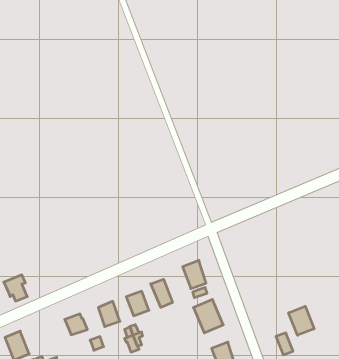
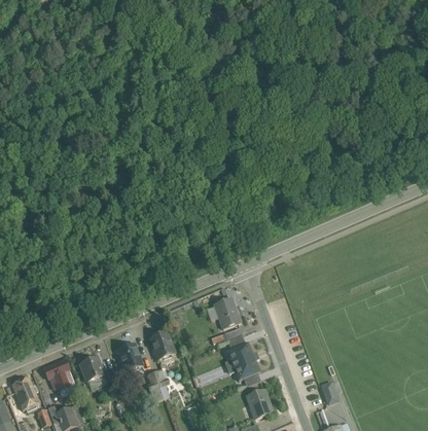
building: [4,275,27,301] -> [45,361,72,391]
building: [151,279,172,307] -> none
building: [289,306,314,335] -> none

